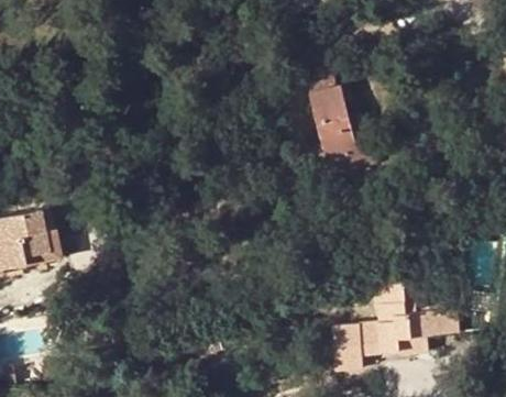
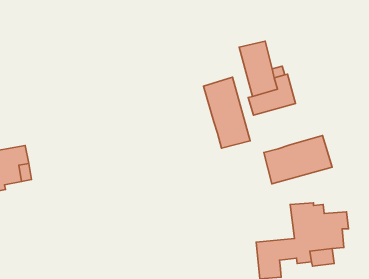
building: none -> [203,77,250,148]
building: none -> [264,135,332,184]

